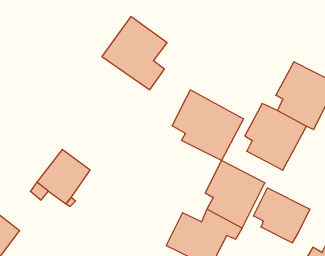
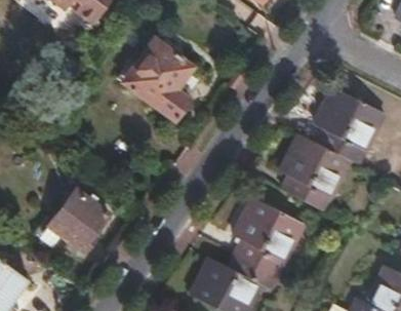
building: [172,90,243,160] -> none
building: [253,188,310,243] -> none

